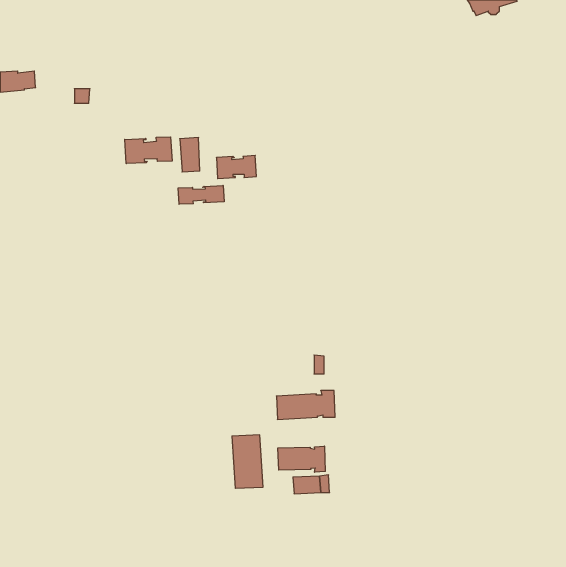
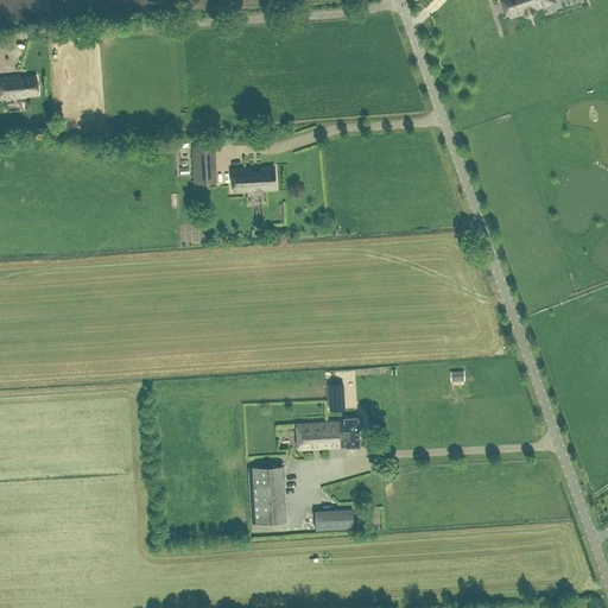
building: [125,137,172,164] -> none
building: [178,185,224,204] -> none
building: [278,446,325,472] -> none

